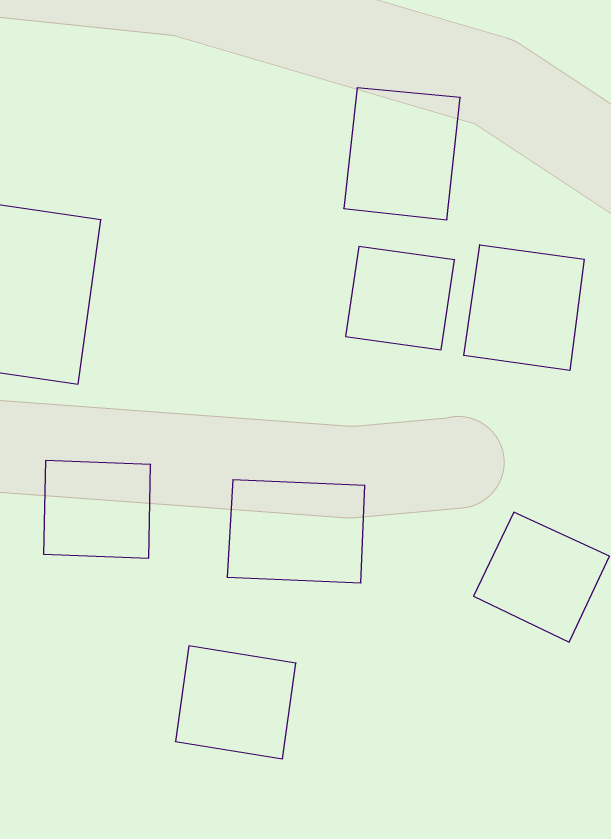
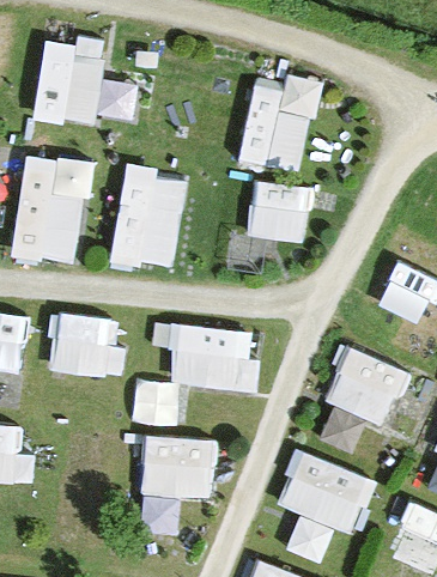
building: none -> [37,40,104,126]
building: none -> [111,170,181,267]
building: [464,245,584,370] -> none
building: none -> [274,450,374,536]

